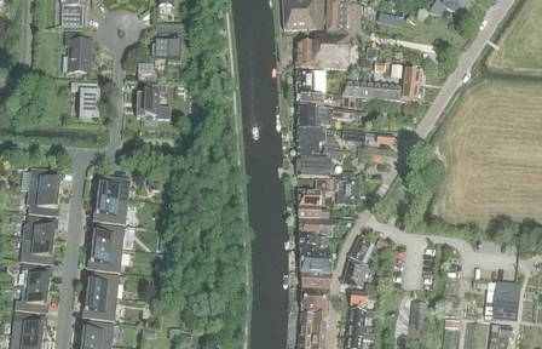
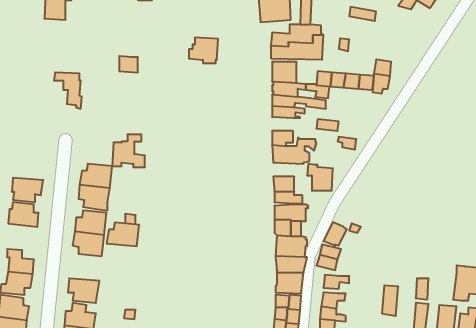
building: [64,32,91,70] -> none
building: [151,33,181,59] -> [189,38,218,63]
building: [136,84,169,118] -> [112,134,145,167]
building: [296,127,335,150] -> none
building: [28,167,60,193] -> none
building: [21,238,53,263] -> none
building: [86,273,120,297] -> [107,223,139,246]

